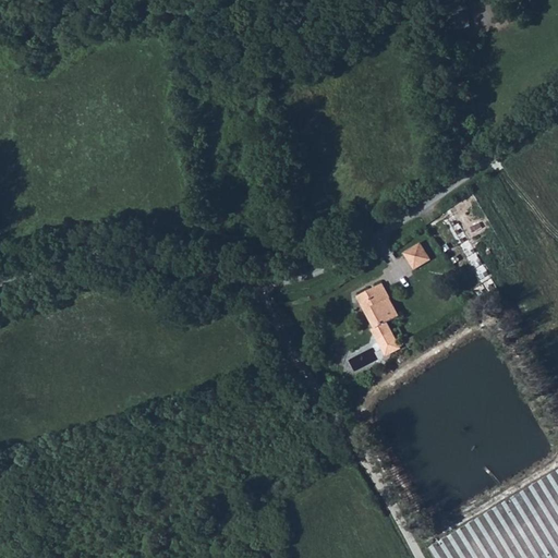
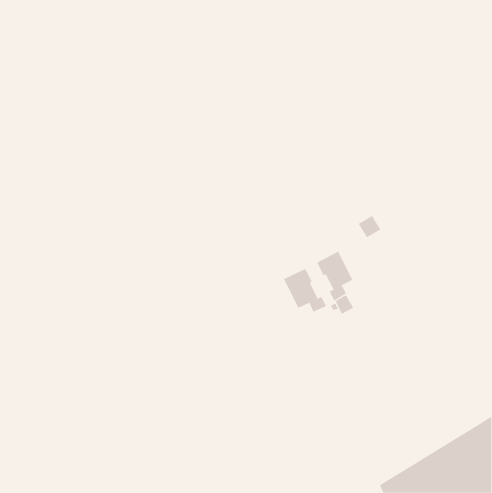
building: none -> [283,268,327,313]

